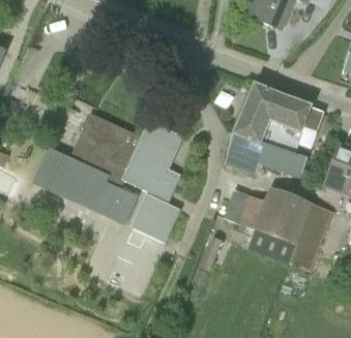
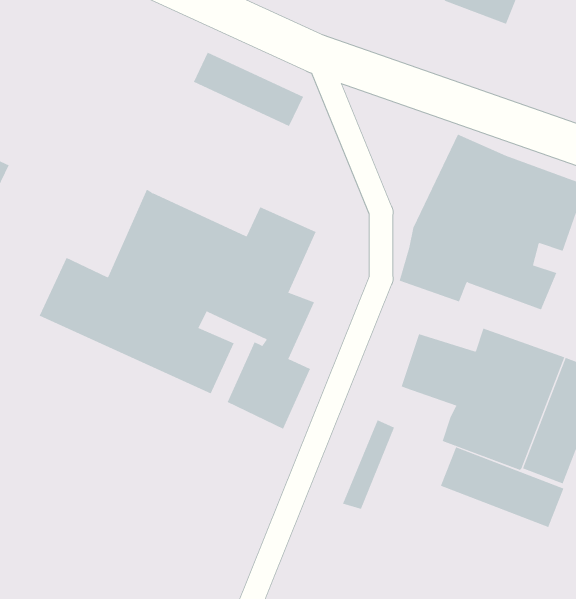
building: none -> [193,52,304,127]
building: none -> [440,446,564,528]

